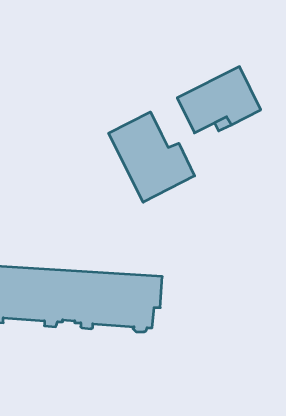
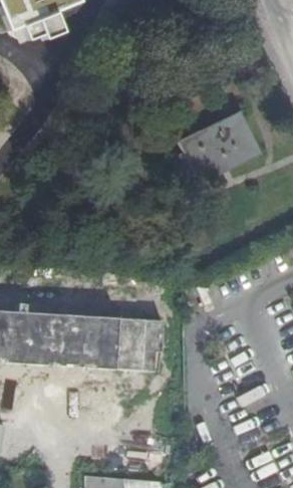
building: [109,112,195,202] -> none

